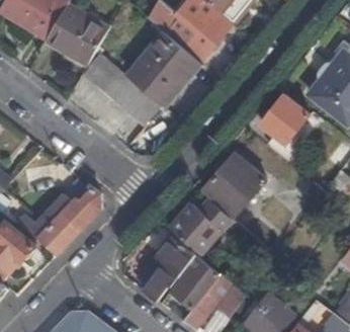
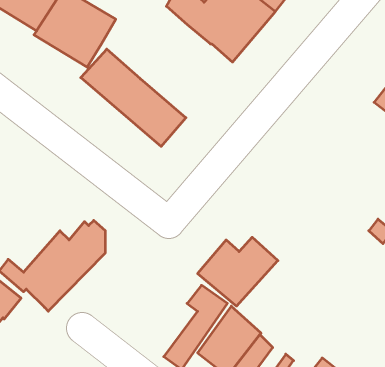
building: [125,32,198,107] -> none
building: [261,95,309,144] -> none
building: [203,157,265,215] -> none

